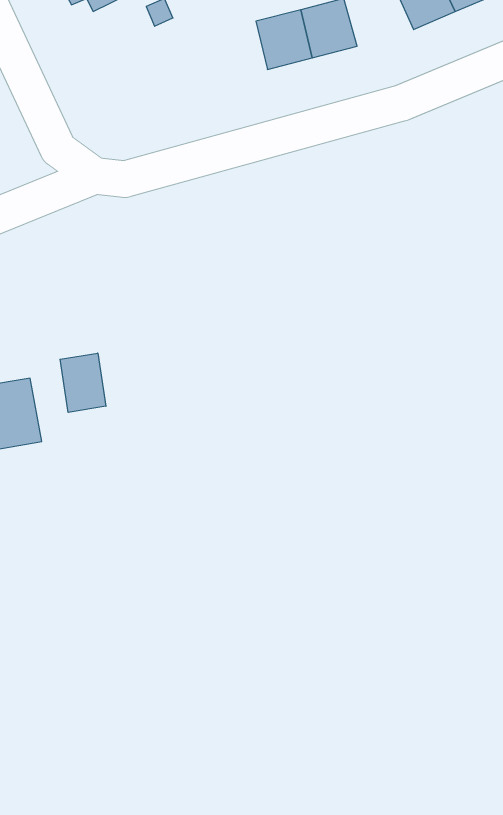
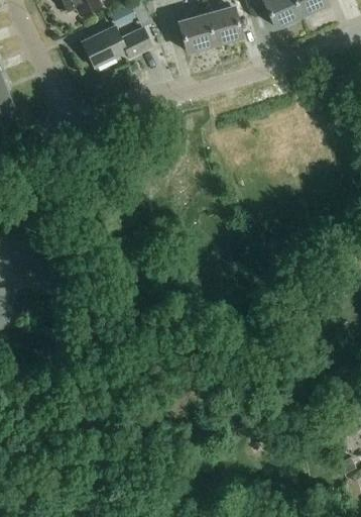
building: none -> [83,26,152,67]
building: [60,353,106,412] -> none

